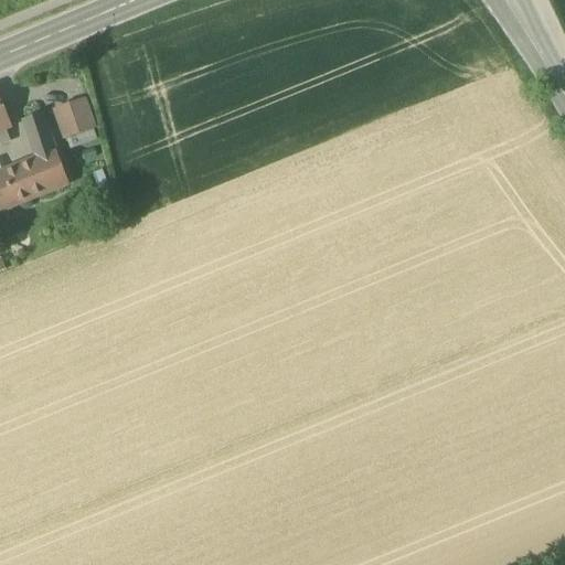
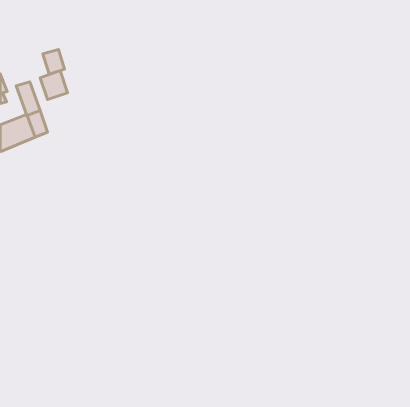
building: none -> [43,50,64,74]

